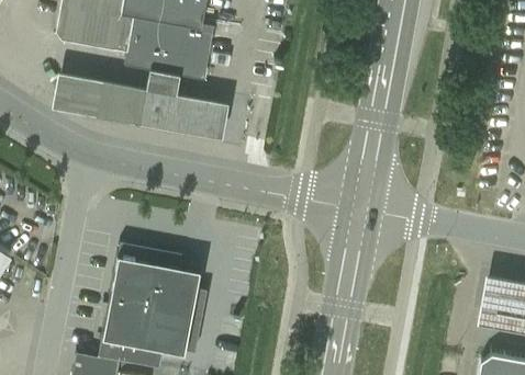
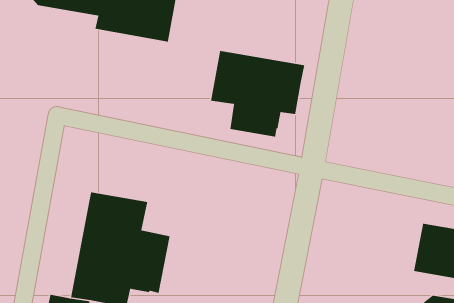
building: [51,68,230,137] -> none
building: none -> [210,50,305,137]

